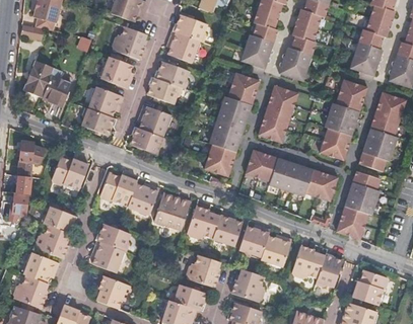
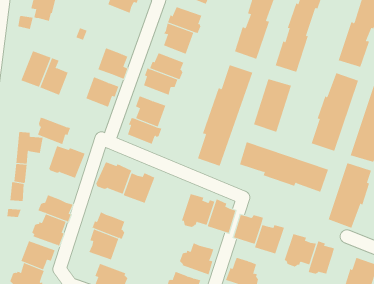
building: [112,25,147,59] -> none
building: [82,106,117,135] -> [37,117,71,145]
building: [154,192,191,229] -> none

